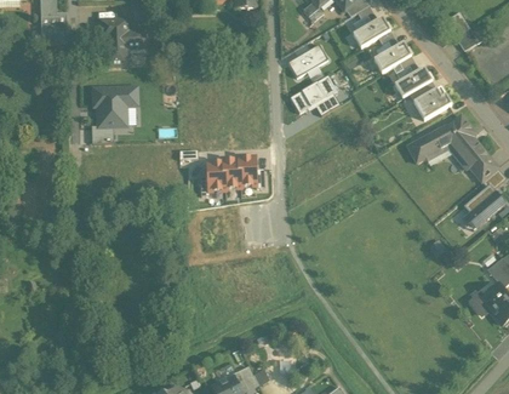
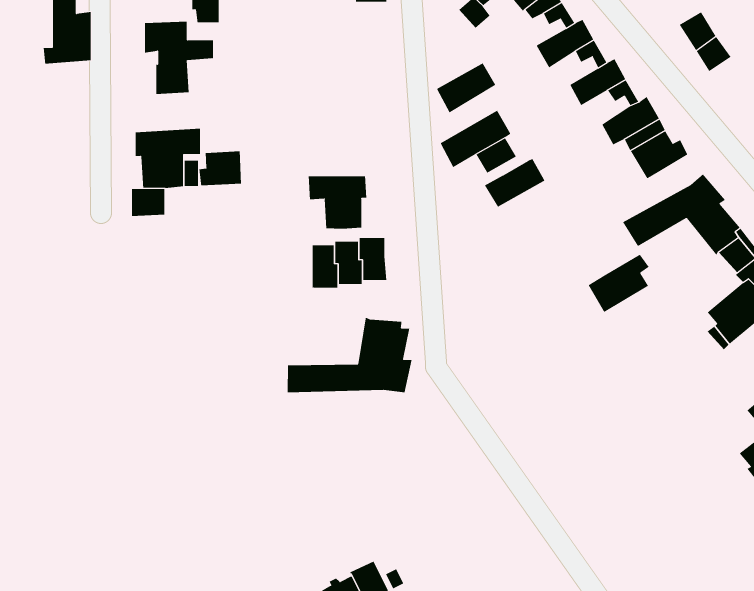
building: none -> [199,150,242,186]
building: none -> [484,158,546,208]
building: none -> [308,176,367,229]
building: none -> [588,254,650,313]
building: none -> [287,317,412,393]

